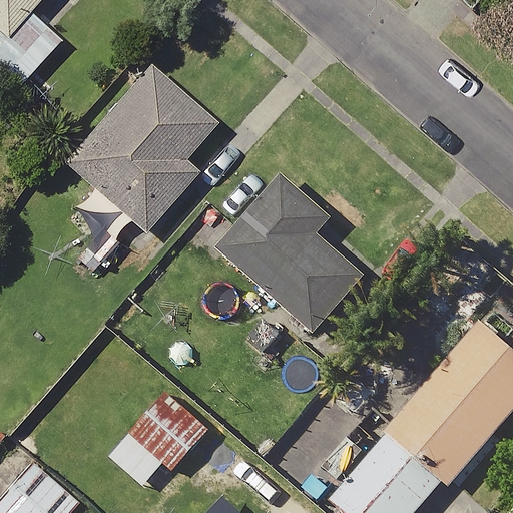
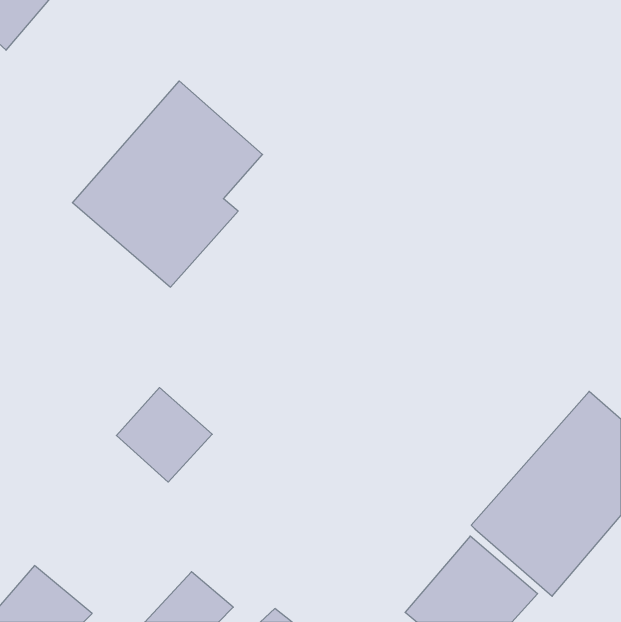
building: [216,173,367,334] -> none
building: [130,392,208,469] -> [116,388,212,482]

